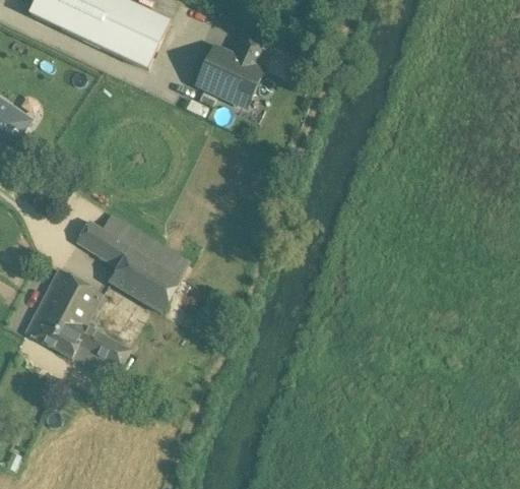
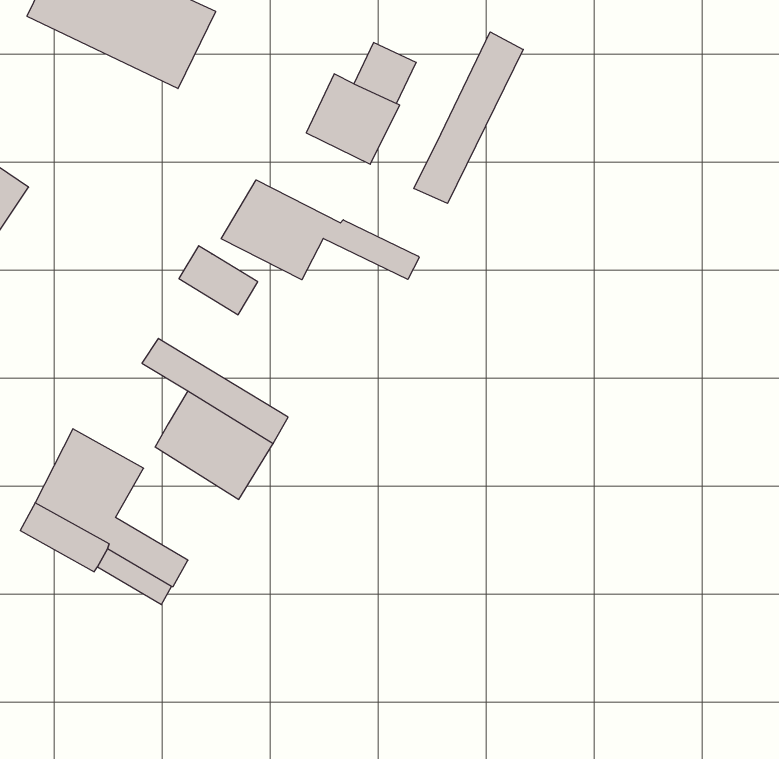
building: [122,9,170,68] -> none
building: none -> [414,32,523,203]
building: none -> [221,180,419,280]
building: [79,222,128,264] -> [179,246,258,315]

